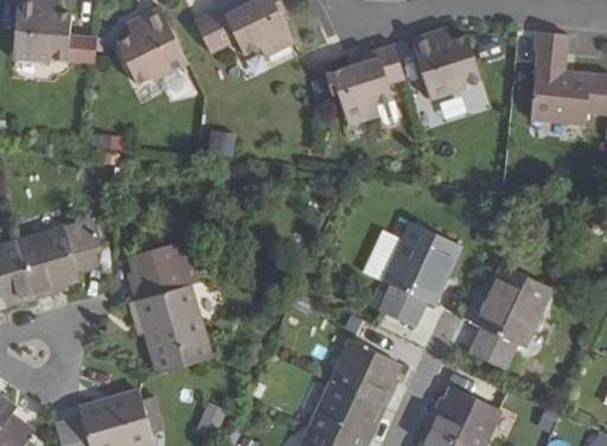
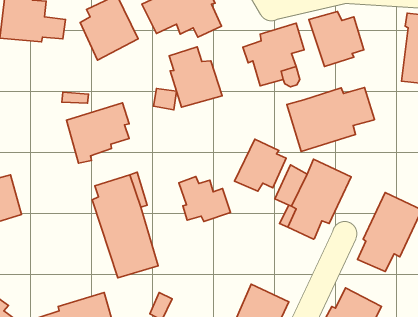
building: none -> [169,47,222,107]
building: none -> [287,87,374,151]
building: none -> [234,139,286,191]
building: [23,217,103,295] -> [67,103,129,163]
building: none -> [179,177,230,221]
building: [333,339,402,406] -> none

